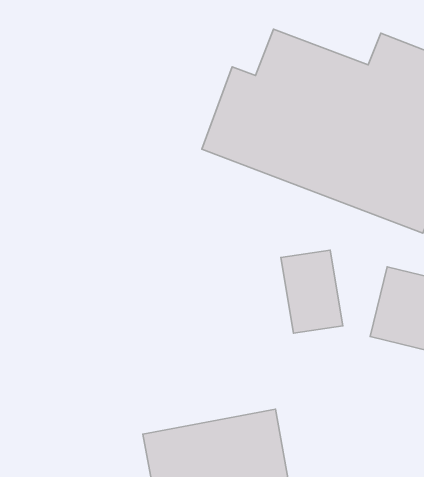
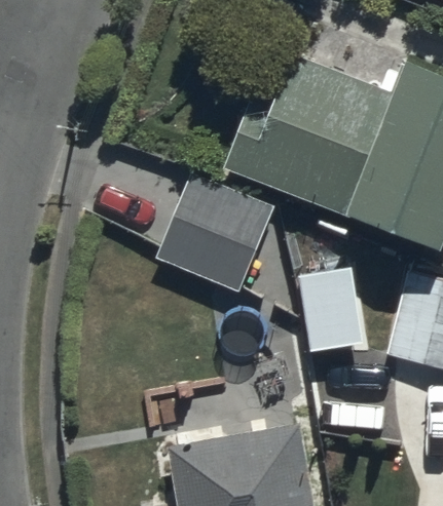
building: none -> [157,174,273,288]

